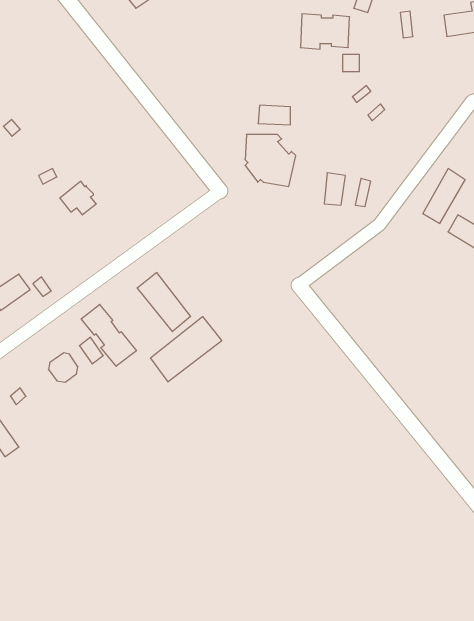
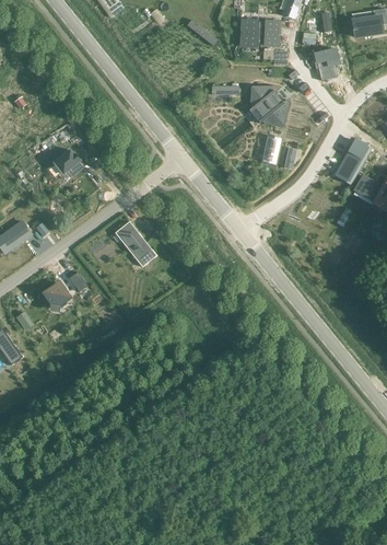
building: none -> [314,48,339,80]
building: [245,134,296,186] -> [247,92,286,132]
building: [81,304,136,366] -> none
building: [151,317,222,382] -> none

